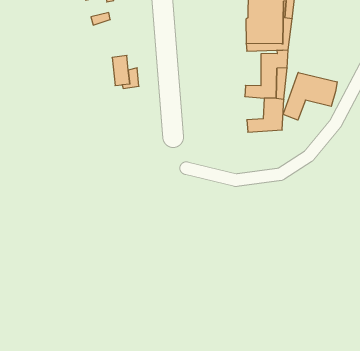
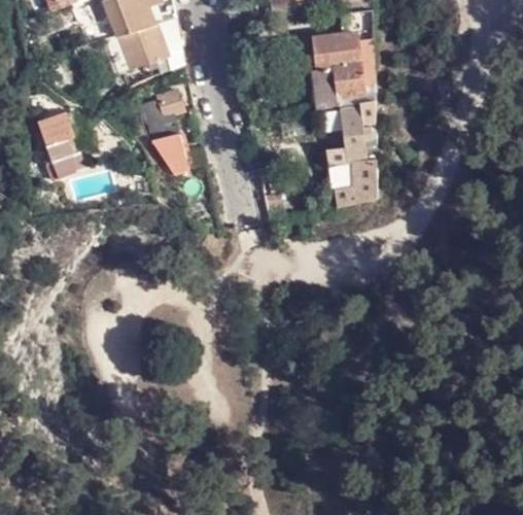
building: none -> [138,89,183,140]
building: none -> [28,112,82,177]
building: [283,72,337,120] -> none

